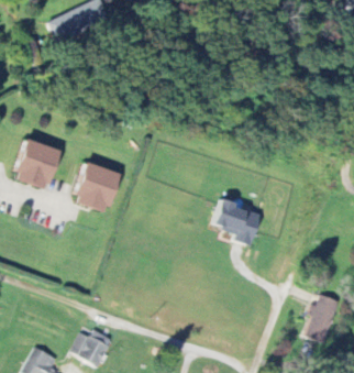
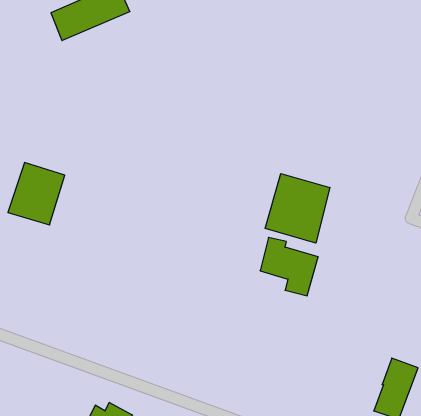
building: none -> [265,174,330,243]
building: [75,162,120,211] -> none

